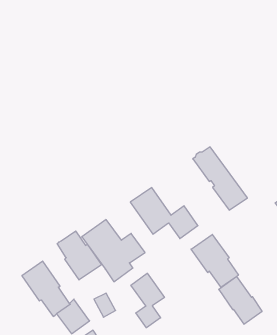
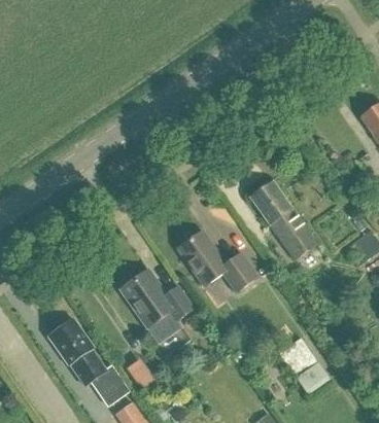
building: [57,231,101,280] -> none
building: [191,234,238,288] -> none
building: [131,273,164,328] -> none

